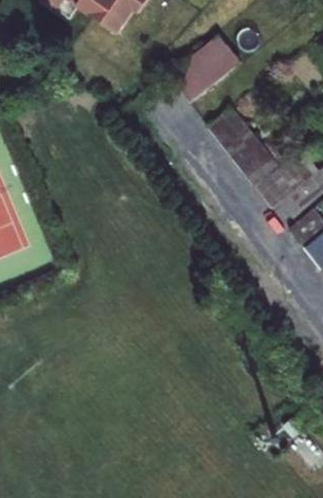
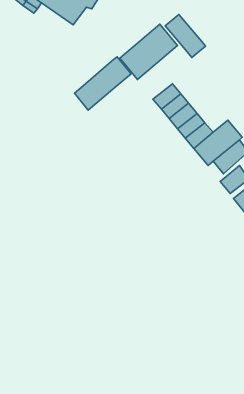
building: none -> [165,15,206,57]
building: none -> [74,57,131,110]

